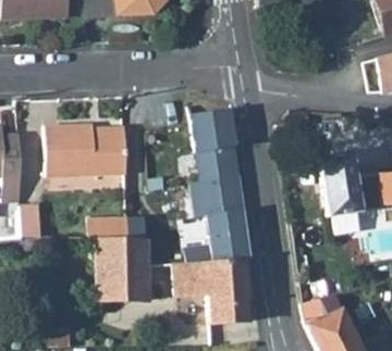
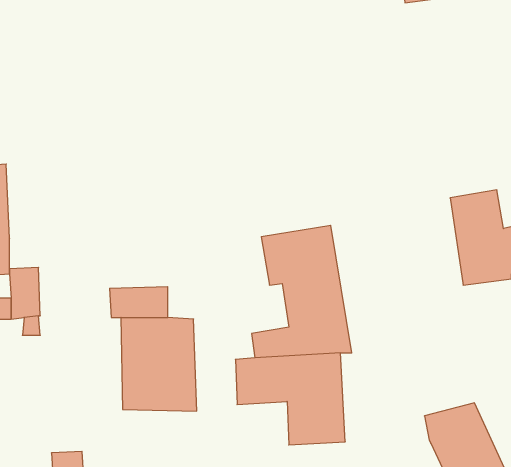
building: [191,108,238,183] -> none
building: [46,124,127,176] -> none

